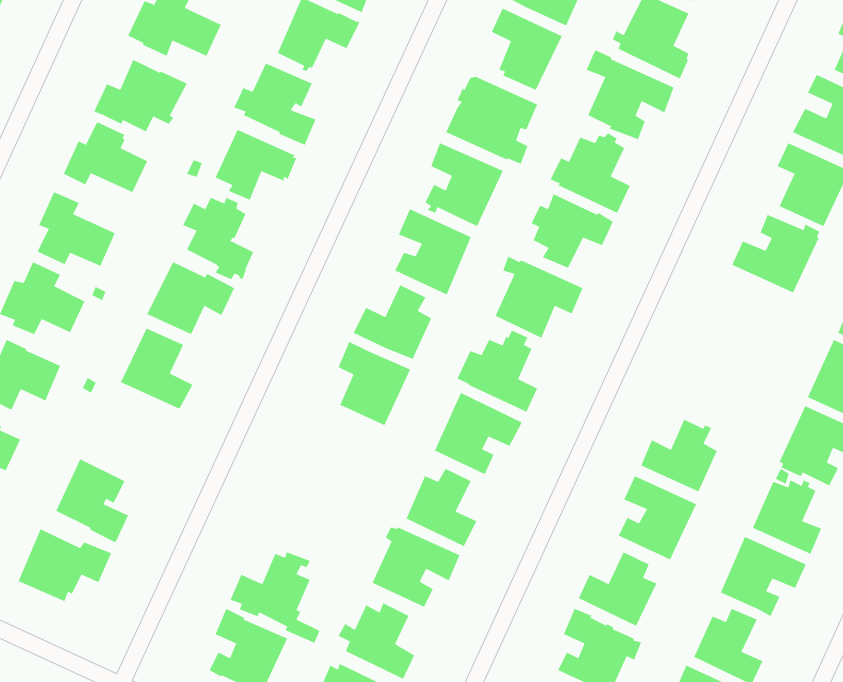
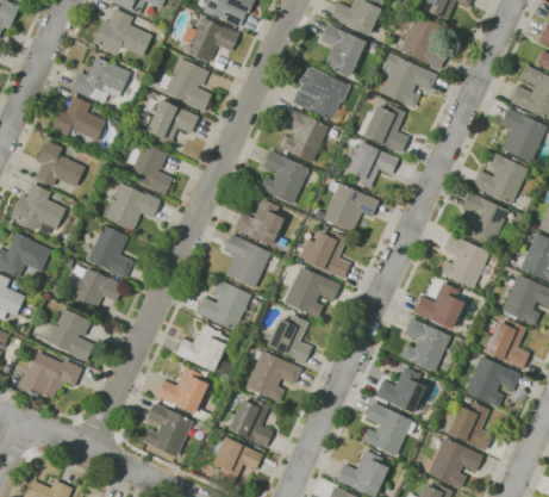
building: none -> [462,193,507,246]
building: none -> [439,234,488,288]
building: none -> [63,265,123,315]
building: none -> [195,279,251,335]
building: none -> [175,324,232,378]

